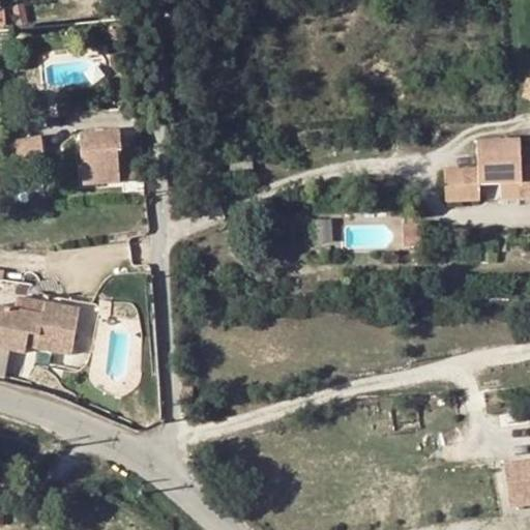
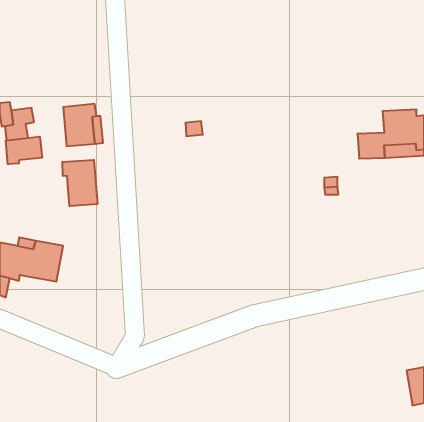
building: none -> [6,137,42,164]
building: none -> [62,160,97,206]

